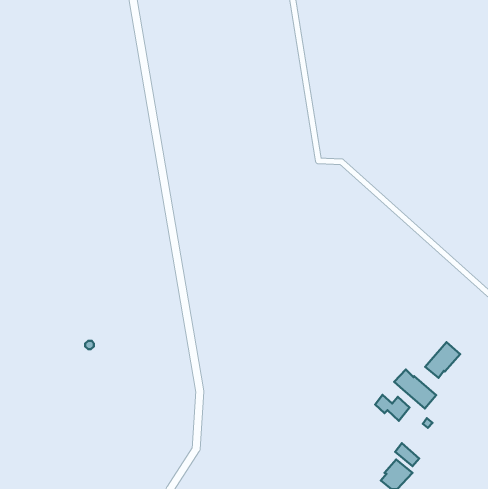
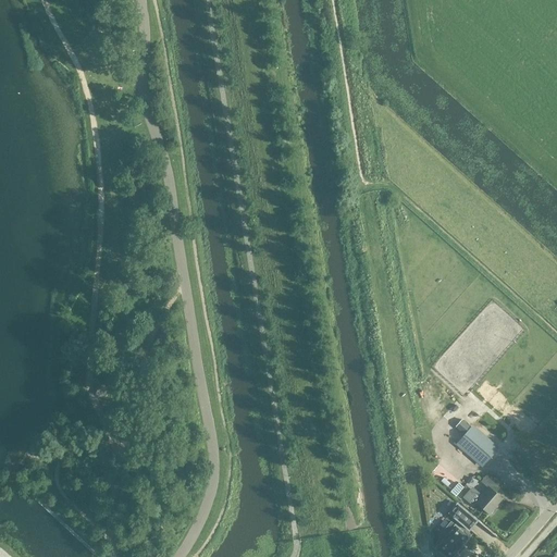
building: [425,342,460,378] -> none
building: [375,395,409,421] -> [463,485,503,515]

